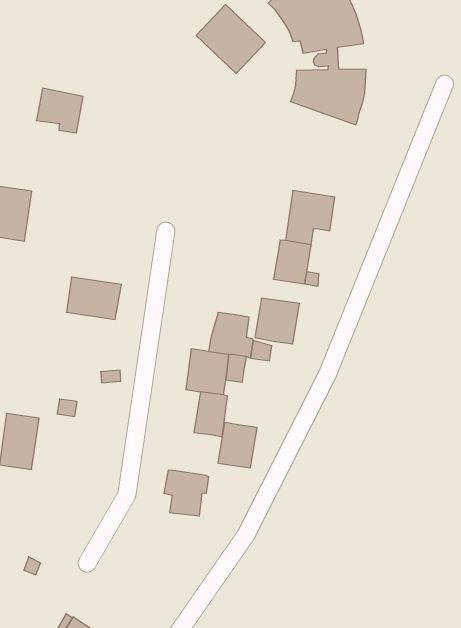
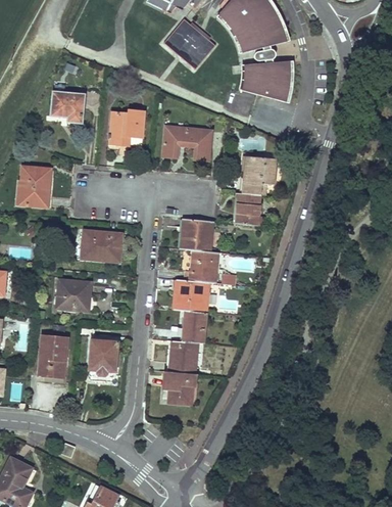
building: none -> [108,109,145,145]
building: none -> [163,127,211,159]
building: [255,298,299,344] -> [180,218,211,250]
building: none -> [56,278,91,310]
building: none -> [88,338,118,375]
building: [218,423,257,468] -> [169,339,197,372]

